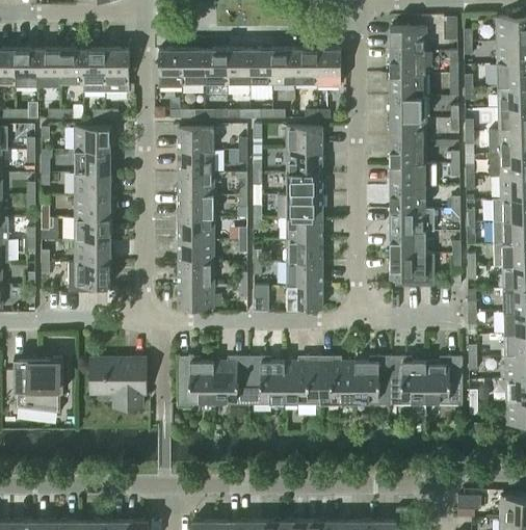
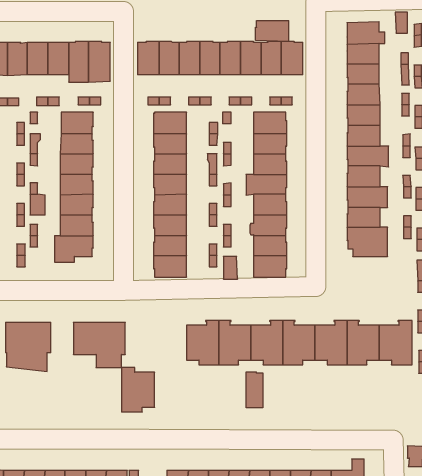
building: none -> [256,21,289,41]
building: [177,356,213,405] -> [122,368,155,412]
building: none -> [246,372,263,408]

